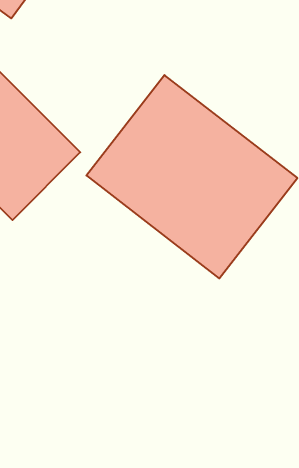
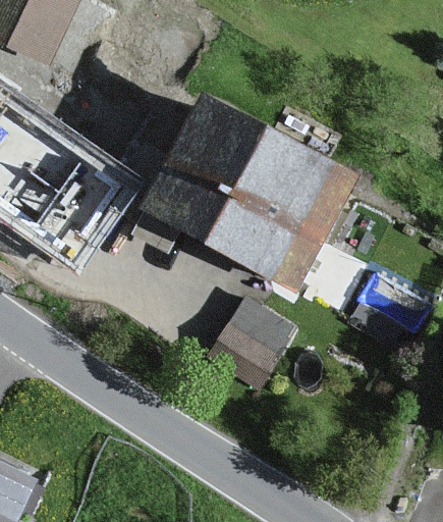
building: none -> [221,286,300,364]

